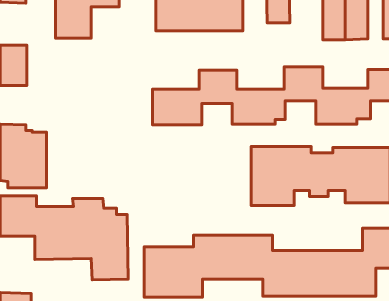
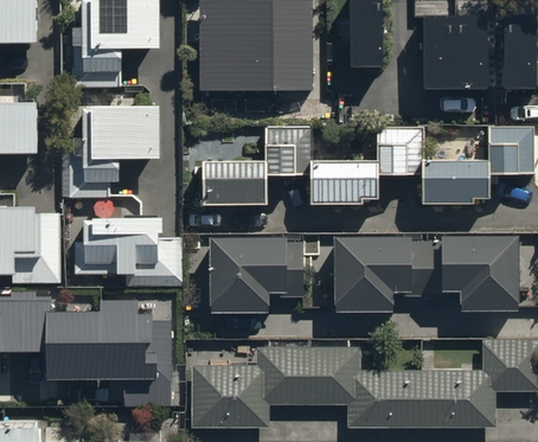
building: none -> [70,102,158,199]
building: none -> [75,213,181,284]
building: none -> [210,232,302,310]

